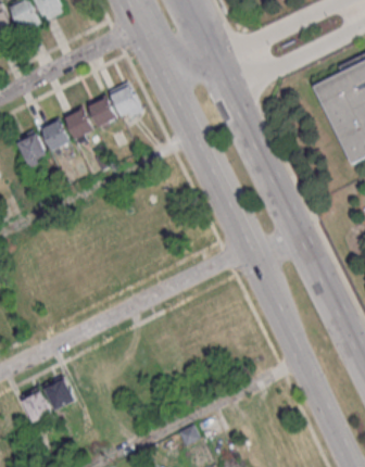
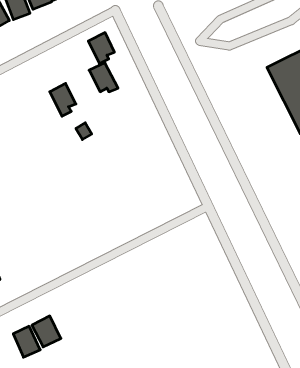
building: [84,94,114,130] -> [88,33,114,64]
building: [37,116,68,155] -> none
building: [15,134,46,167] -> none

